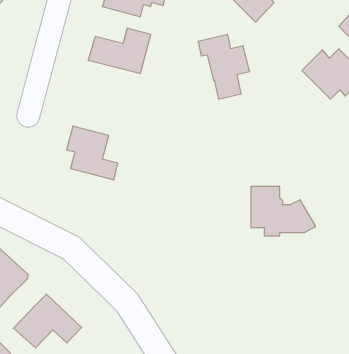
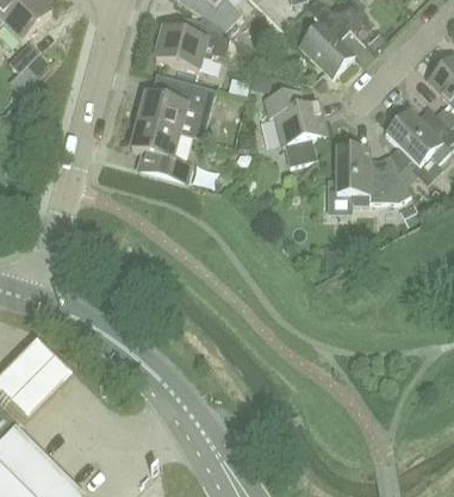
building: [67,126,118,180] -> [130,119,189,181]
building: [251,186,316,236] -> [335,145,410,203]
building: [13,294,82,348] -> none

